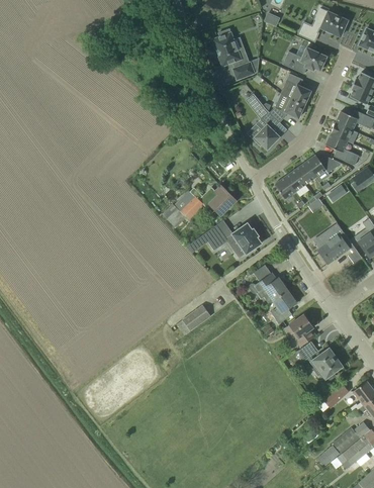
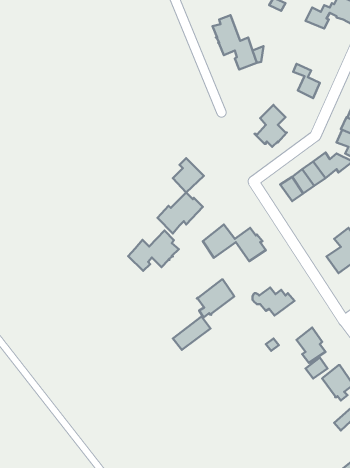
building: [282,47,326,74] -> none
building: [269,97,305,122] -> none
building: [208,185,237,216] -> [173,158,204,192]
building: none -> [128,231,179,271]
building: none -> [197,279,234,318]
building: [270,290,293,324] -> none

